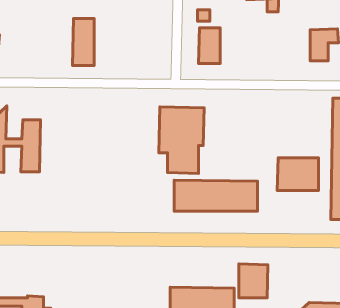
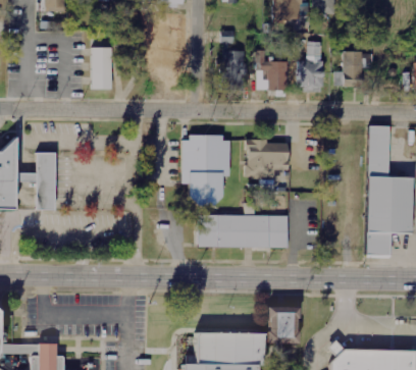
building: none -> [300,42,325,92]
building: none -> [258,50,290,90]
building: [277,158,319,191] -> [244,142,289,177]

